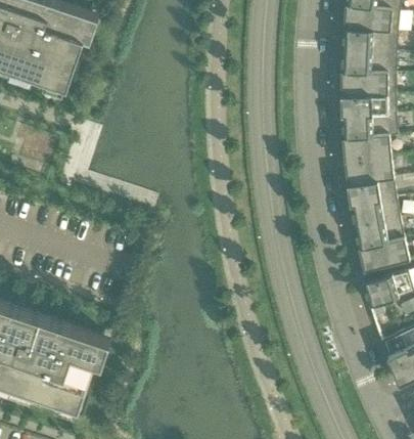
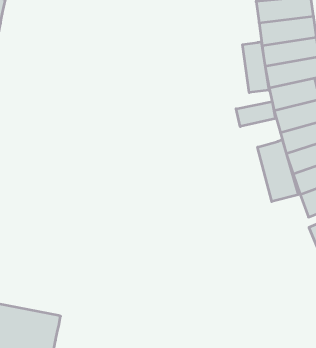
building: none -> [243,41,269,93]
building: none -> [236,101,276,127]
building: none -> [258,140,298,202]

